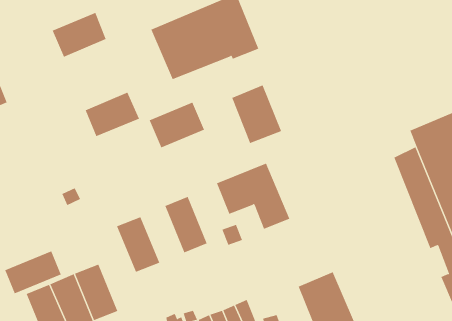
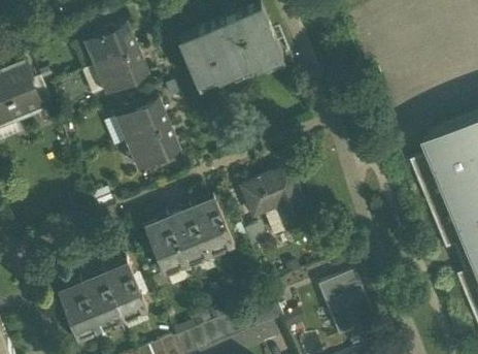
building: none -> [95,47,147,92]
building: [232,84,282,144] -> none
building: [149,102,205,148] -> [126,124,179,168]
building: none -> [169,207,210,262]
building: [5,250,62,294] -> none

